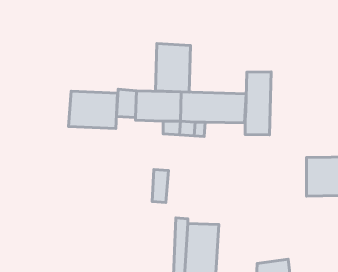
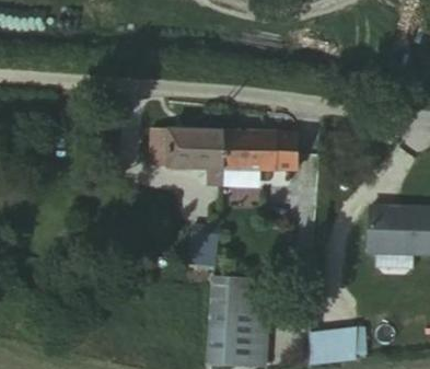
building: [155,44,191,92] -> none
building: [245,72,271,135] -> none
building: [69,91,118,129] -> none

